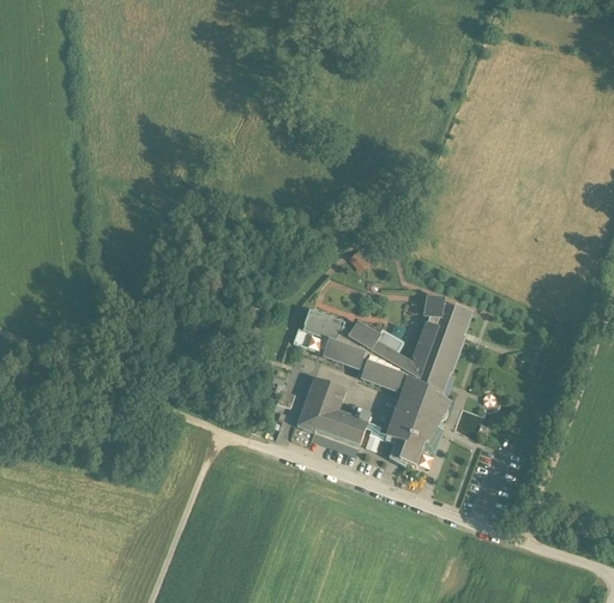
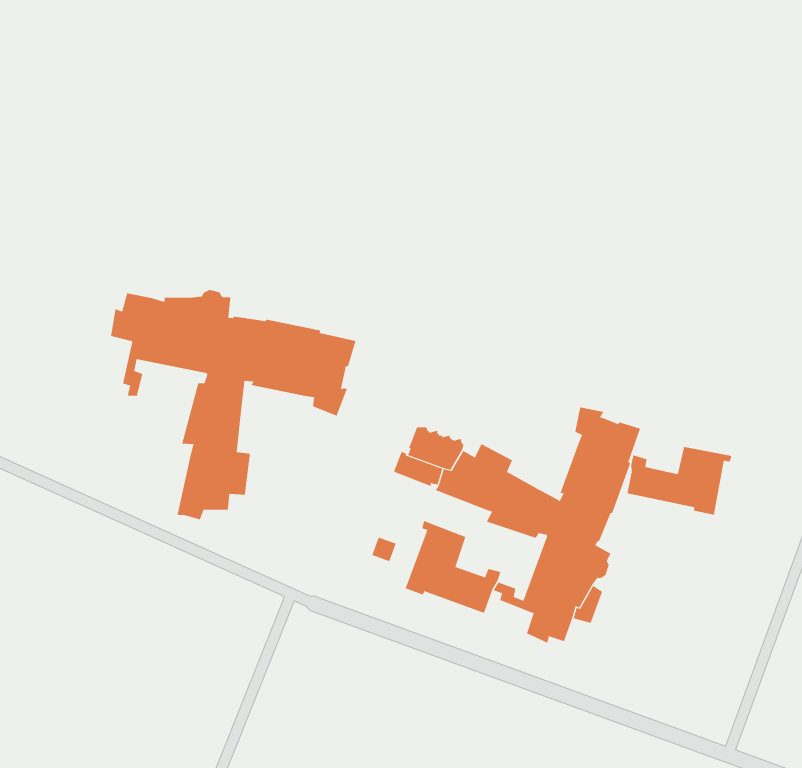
building: none -> [111,289,356,520]
building: none -> [627,446,733,515]

